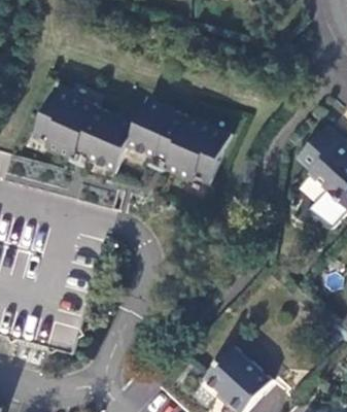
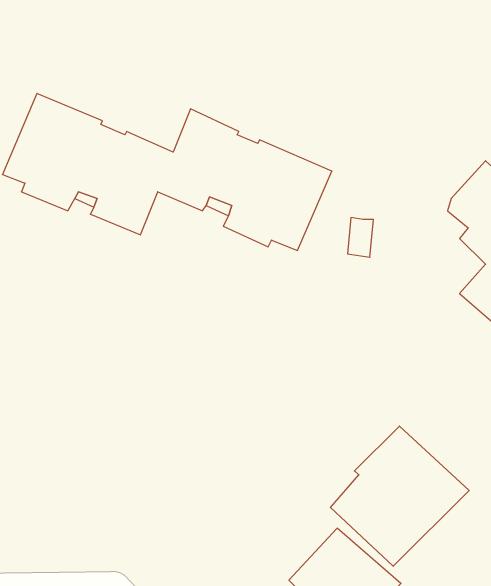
building: none -> [330,426,469,566]

